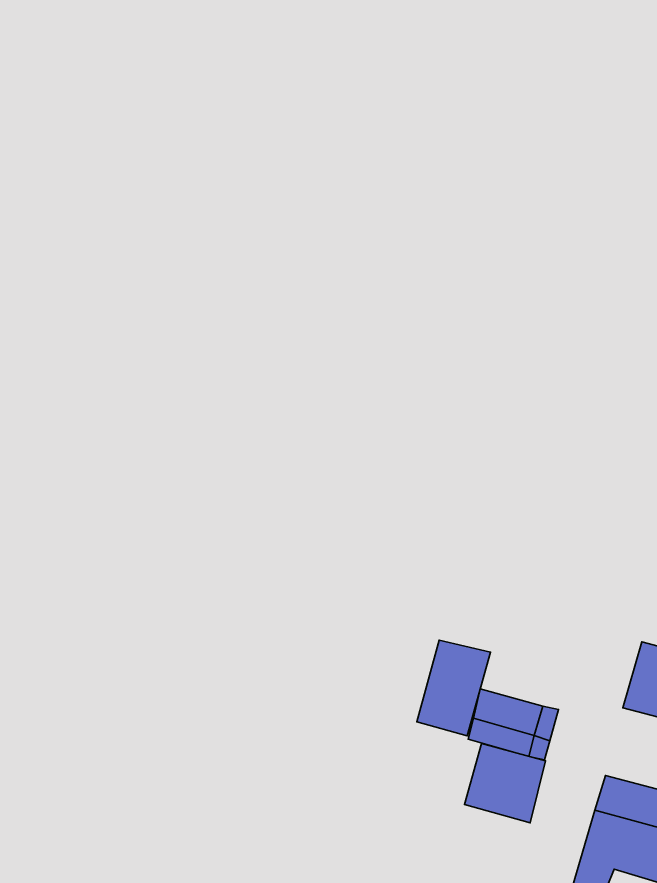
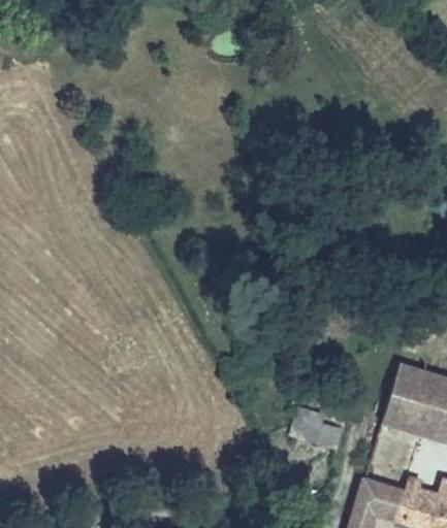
building: [417,640,490,736] -> none
building: [465,744,546,823] -> none

